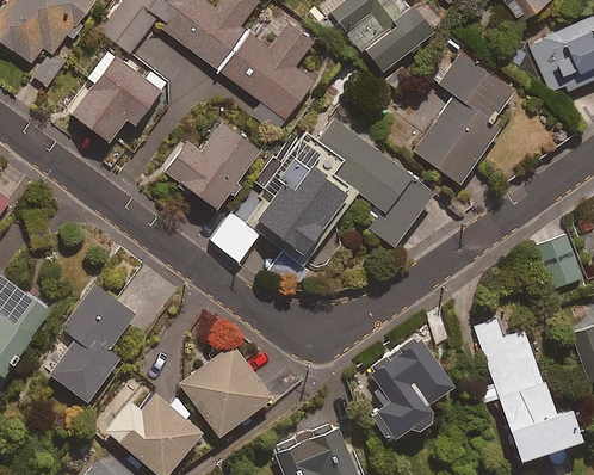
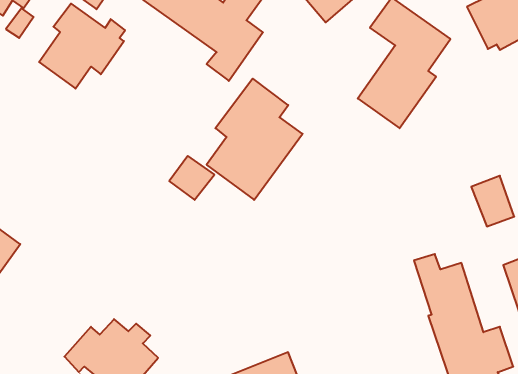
building: [321,119,432,245] -> none
building: [163,121,259,208] -> none
building: [50,283,135,402] -> none
building: [372,337,451,439] -> none
building: [179,344,271,434] -> none

